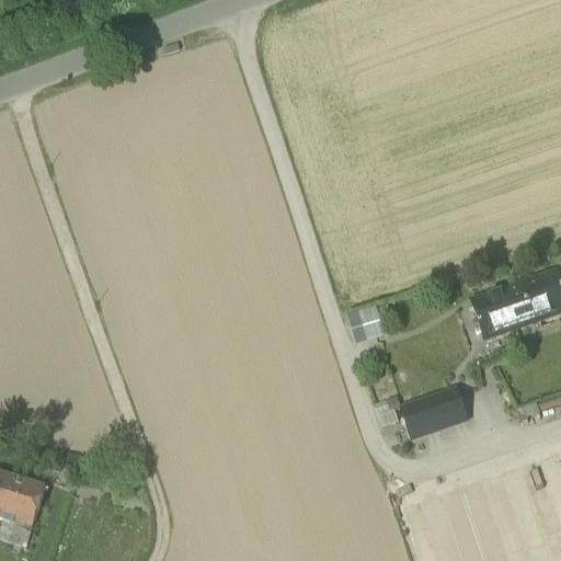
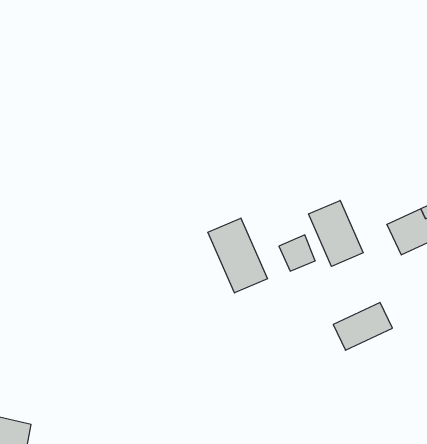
building: none -> [309,200,363,266]
building: none -> [208,218,267,293]

